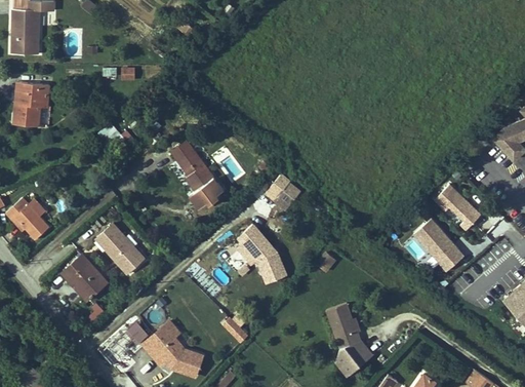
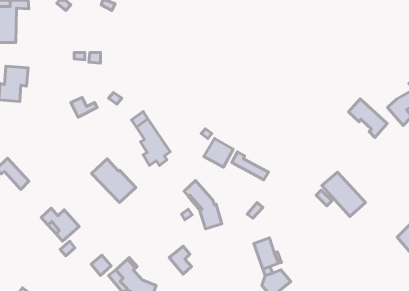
building: [435,182,483,230] -> [349,99,387,137]
building: none -> [232,152,268,180]
building: [93,221,149,275] -> [92,159,136,202]

